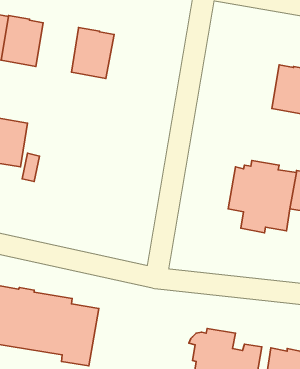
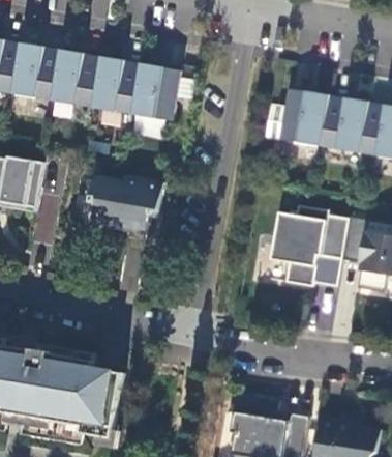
building: none -> [51,47,99,105]
building: none -> [130,60,180,119]
building: none -> [277,89,327,146]
building: none -> [88,176,161,235]

